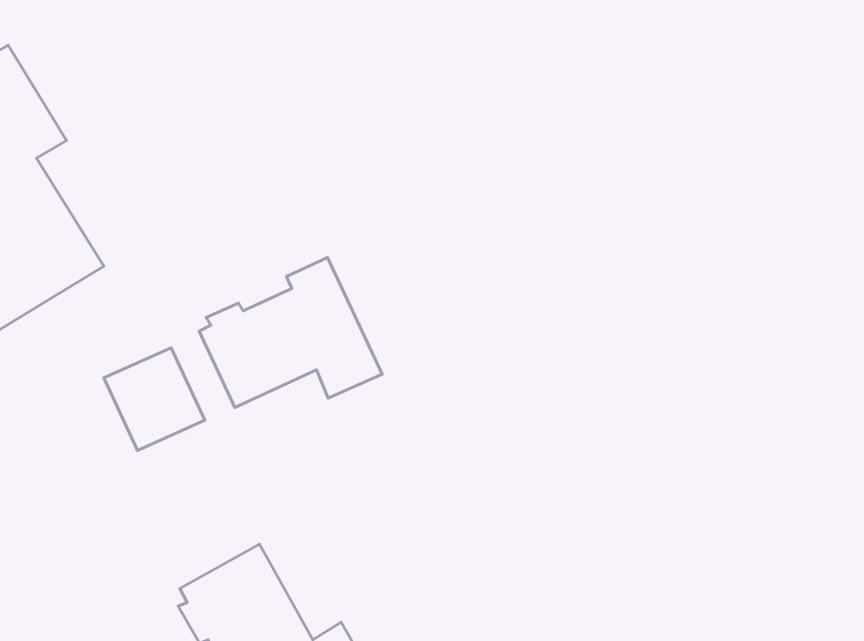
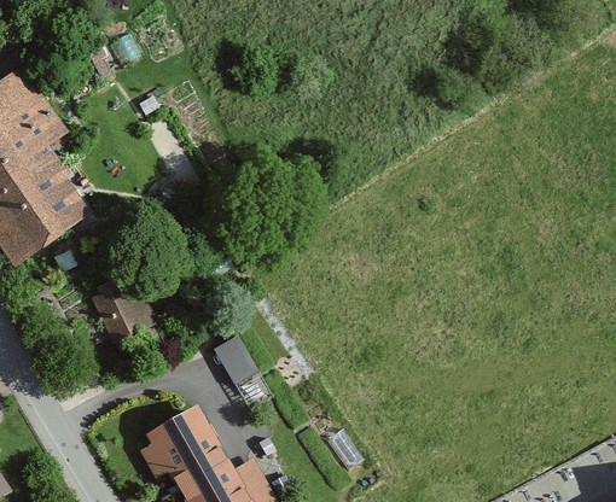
building: [199,257,382,408] -> none
building: none -> [217,331,262,379]

